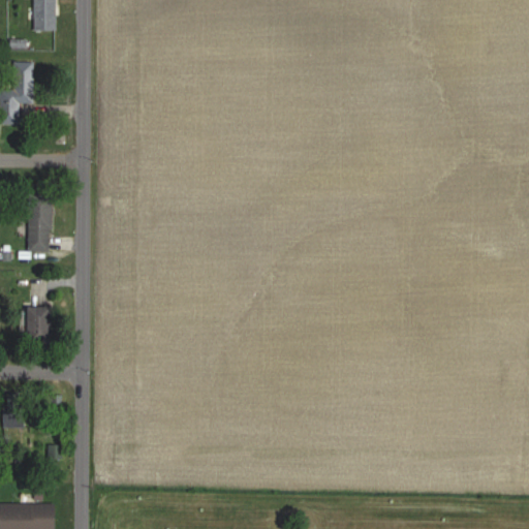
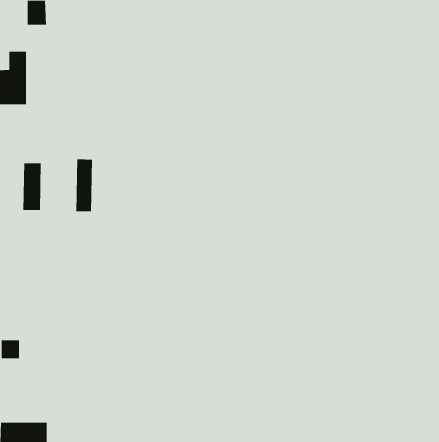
building: none -> [76,159,93,212]
building: [26,308,51,338] -> none

